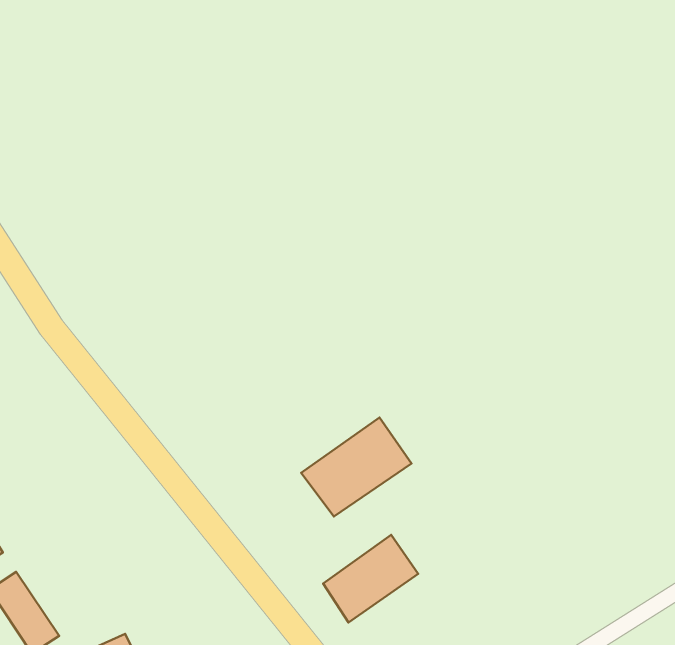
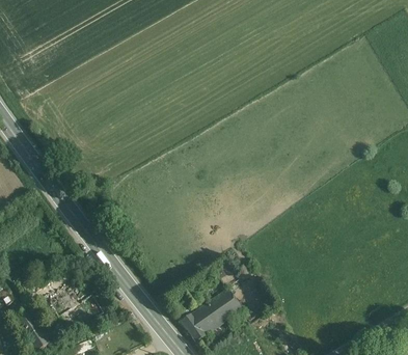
building: [301,418,412,517] -> none

